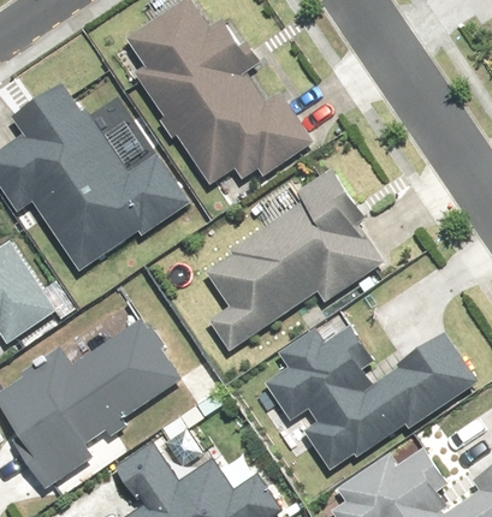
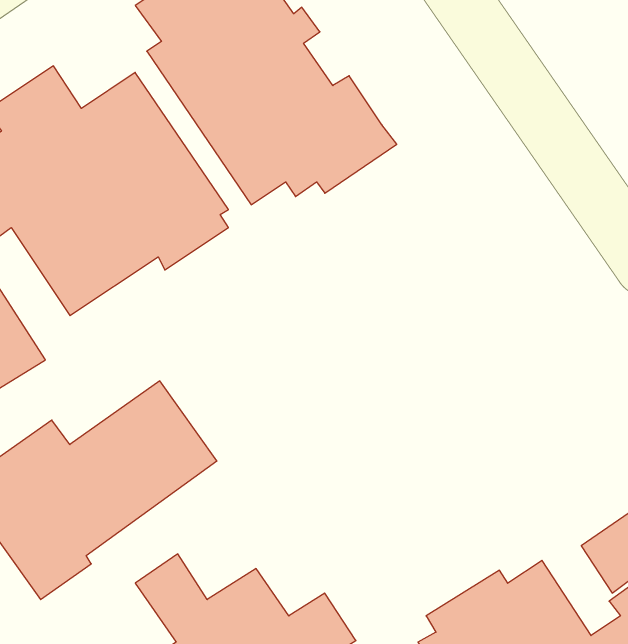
building: [202,170,381,352] -> none
building: [263,329,478,470] -> none

